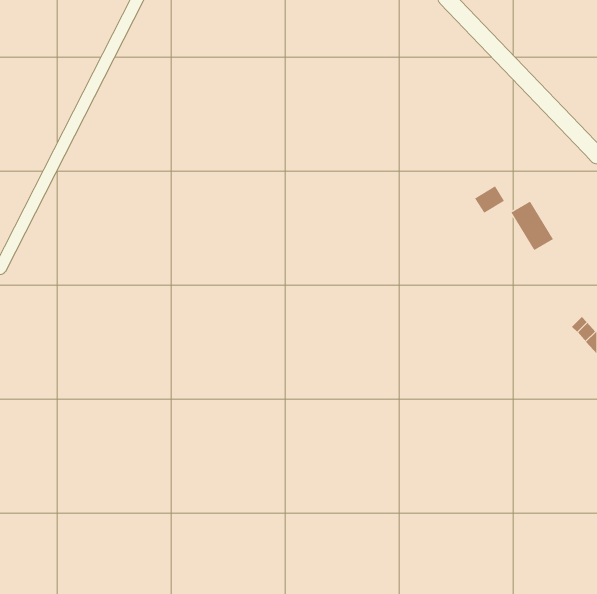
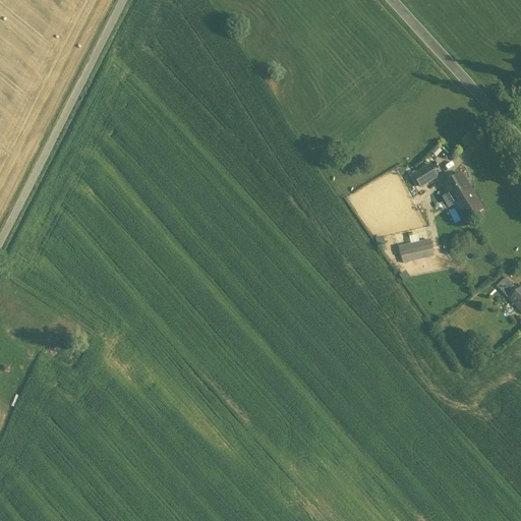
building: none -> [399,238,436,262]

